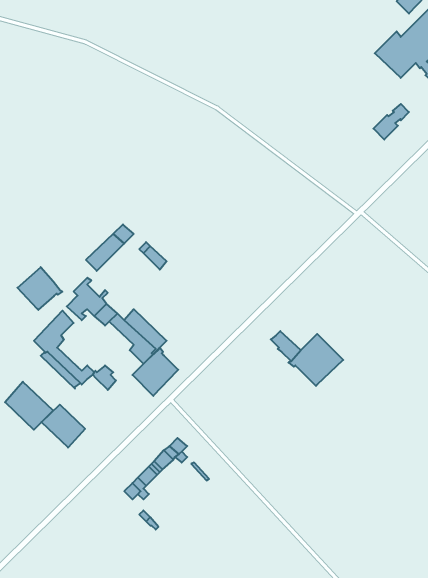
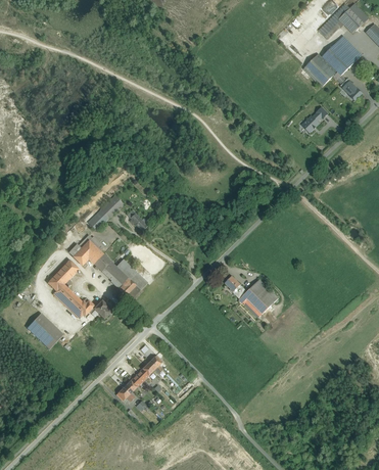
building: [17,267,62,310] -> none
building: [132,347,178,396] -> none
building: [41,405,85,448] -> none

